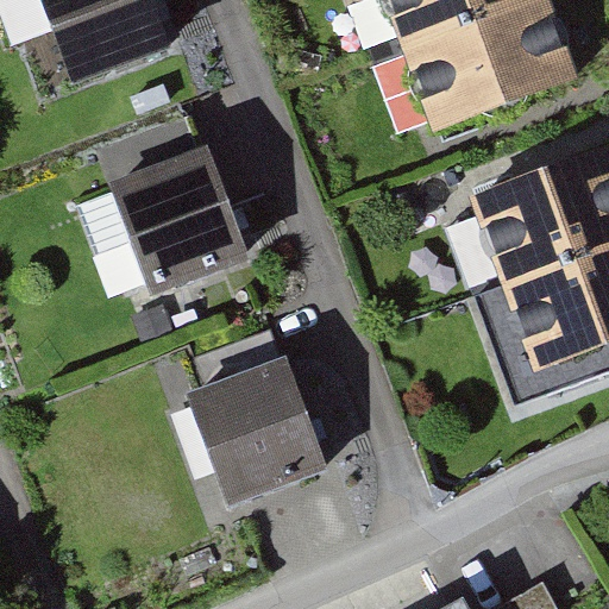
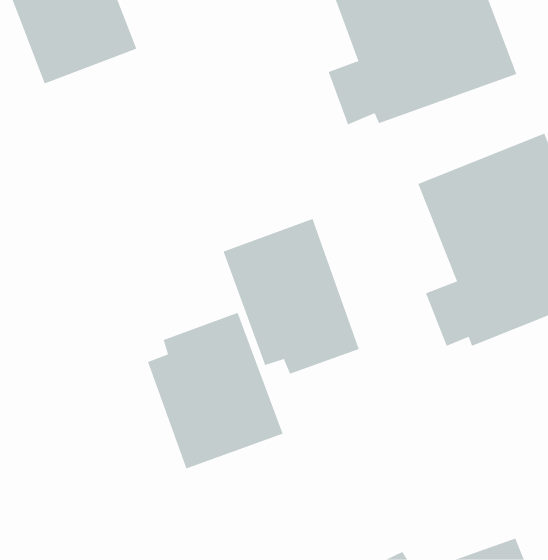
building: [101,144,247,294] -> none
building: none -> [223,218,360,375]

